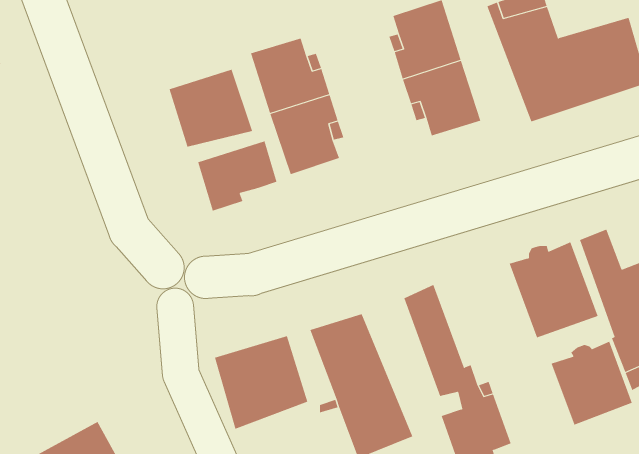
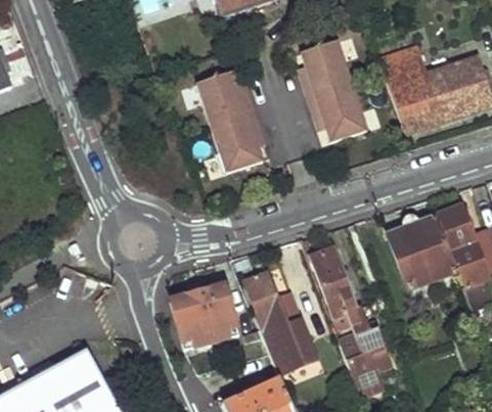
building: [169,69,253,148] -> none
building: [197,140,277,212] -> none
building: [551,341,633,426] -> none

